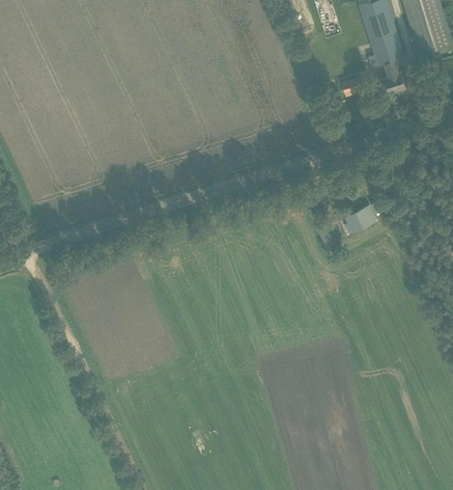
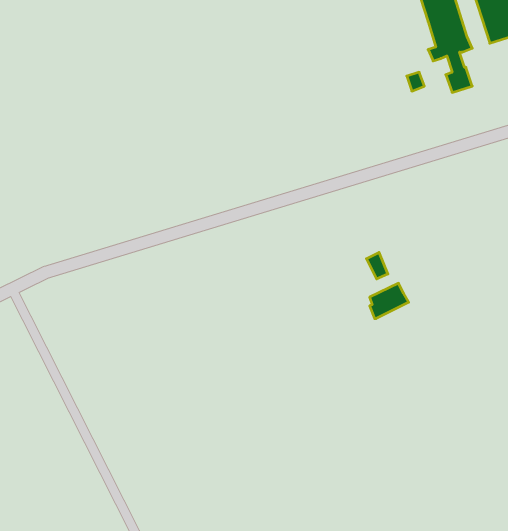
building: [344,202,376,232] -> [370,283,409,319]

